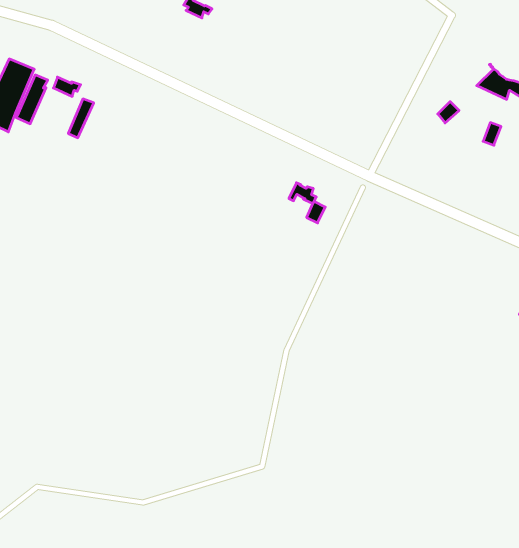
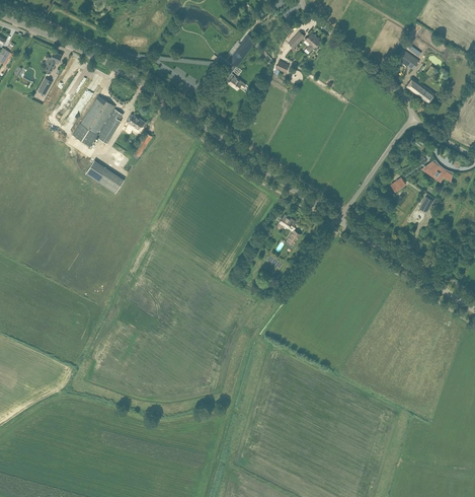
building: none -> [85,159,125,193]

